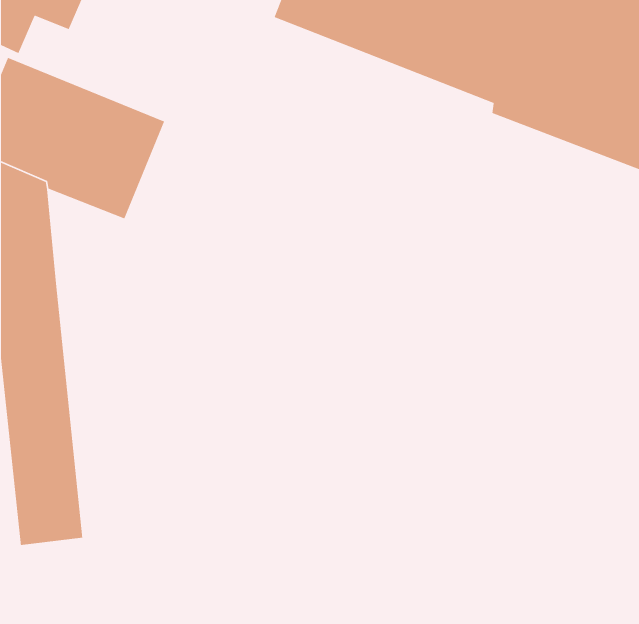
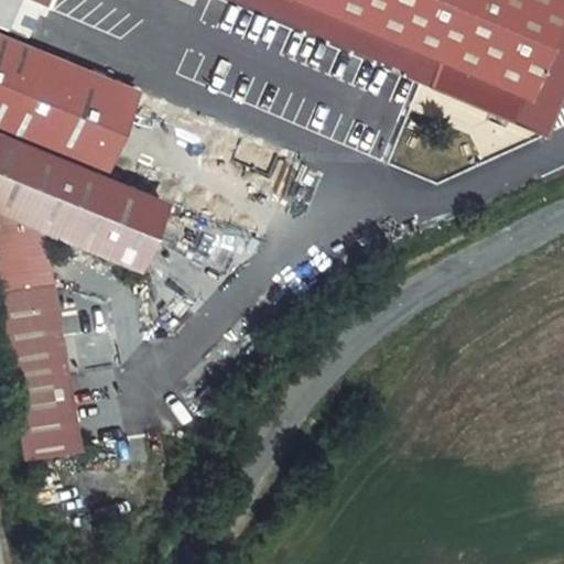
building: none -> [46,165,173,285]

